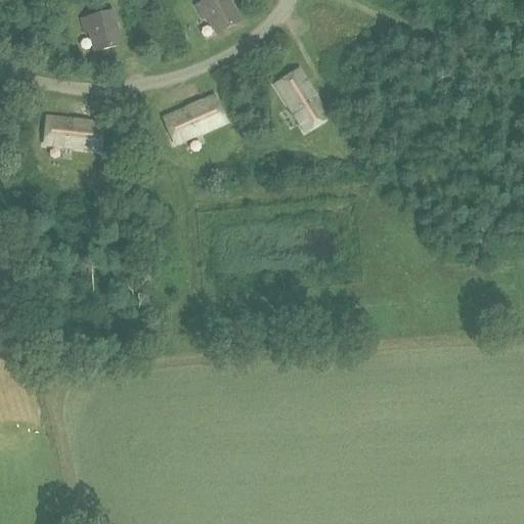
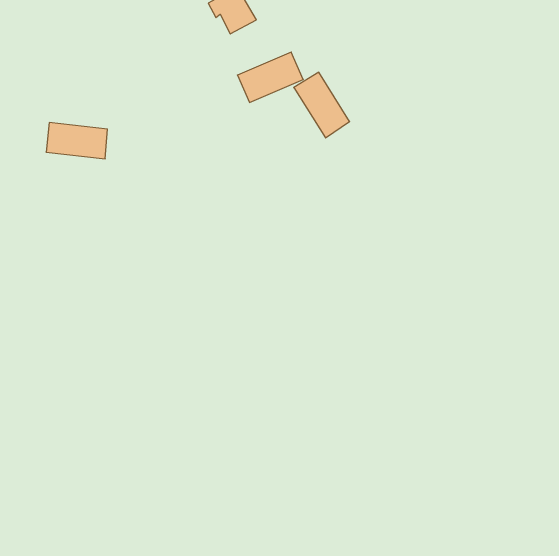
building: [80,8,120,49] -> none
building: [163,94,224,141] -> [237,52,303,102]

